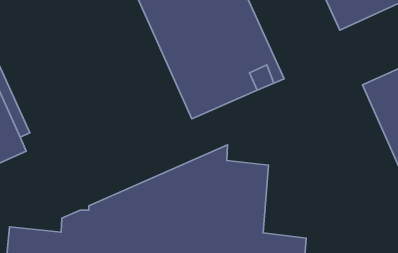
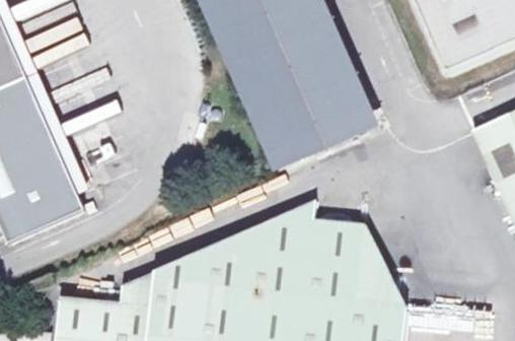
building: none -> [356,225,406,311]

